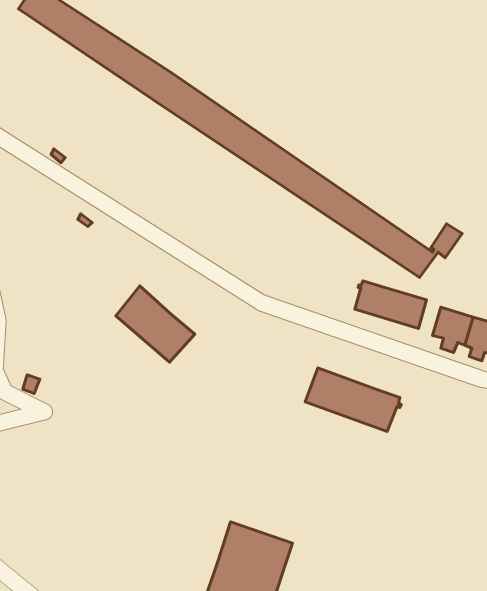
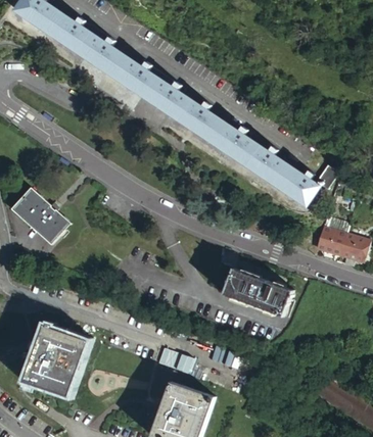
building: [355,281,427,328] -> none
building: [116,286,195,362] -> [11,188,68,243]
building: none -> [25,323,89,395]

